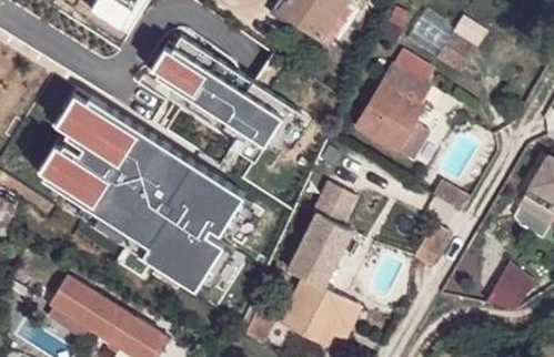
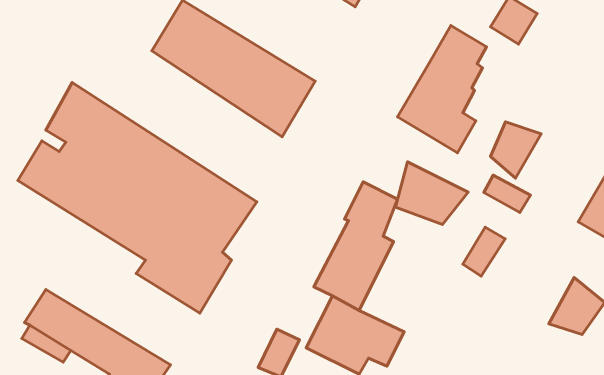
building: none -> [490,122,541,178]
building: none -> [395,162,468,225]

